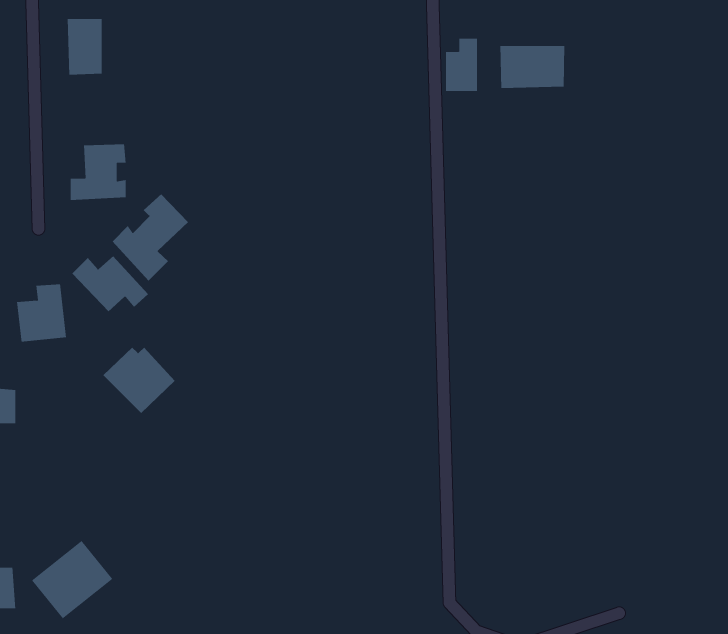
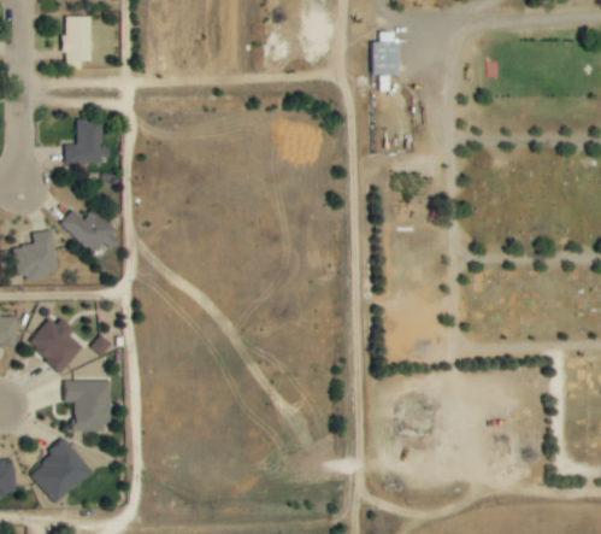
building: [500,45,565,89] -> none
building: [112,193,189,281] -> none
building: [102,347,175,414] -> [29,318,88,372]
building: none -> [66,381,112,432]

